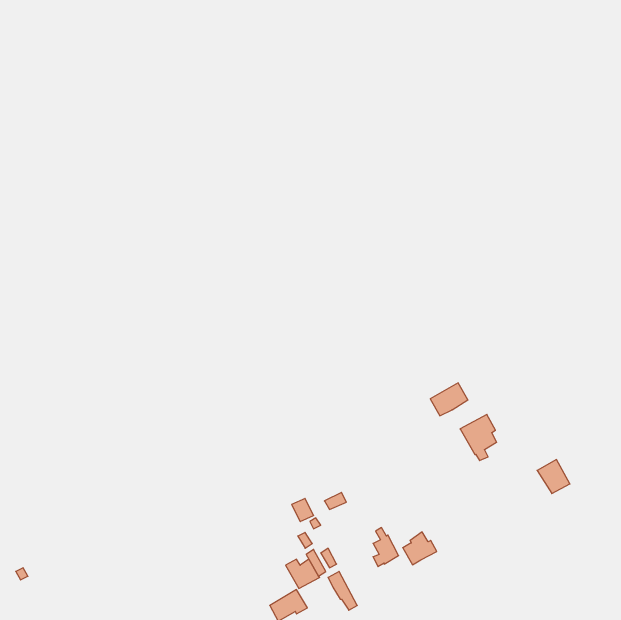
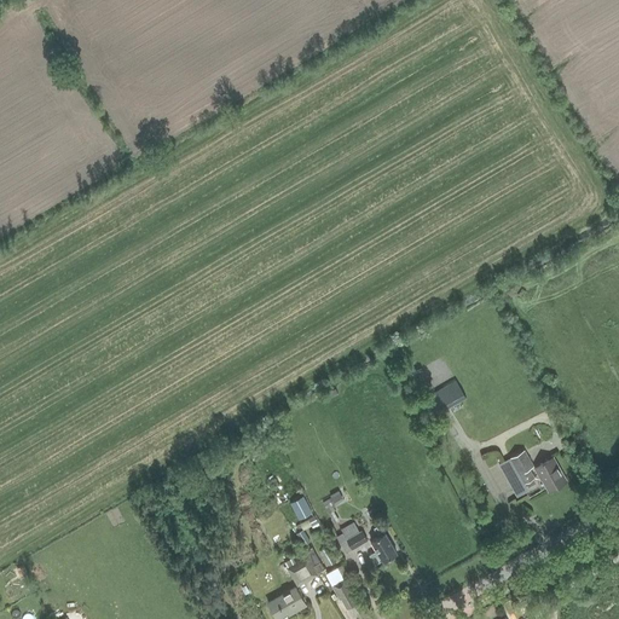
building: [460,414,497,461] -> [498,451,534,497]
building: [403,532,437,565] -> [334,522,368,555]

